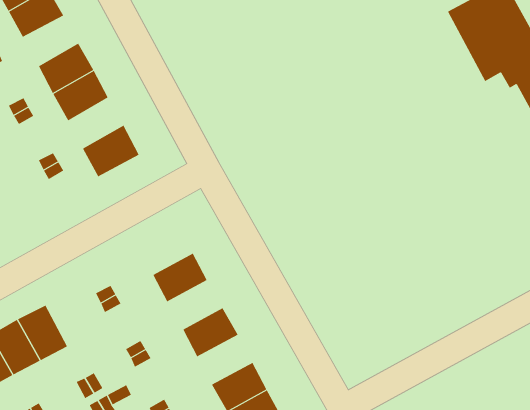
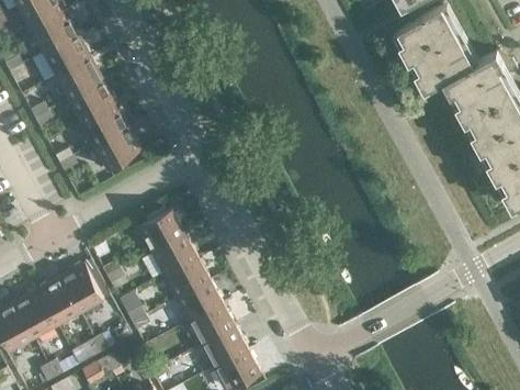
building: none -> [41,34,88,77]
building: none -> [79,103,126,146]
building: none -> [137,210,184,253]
building: none -> [162,257,210,299]
building: none -> [60,265,103,313]
building: none -> [188,303,235,345]

